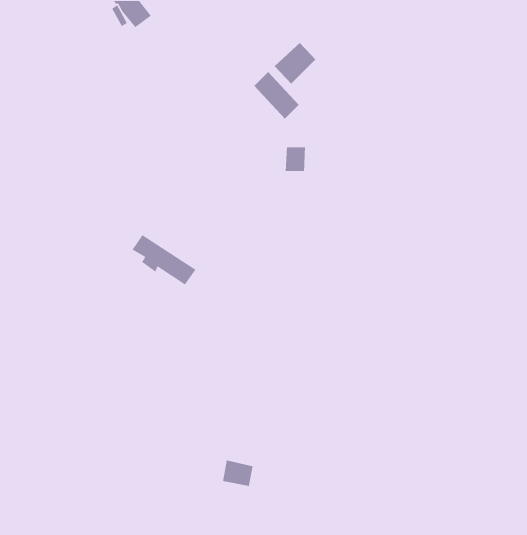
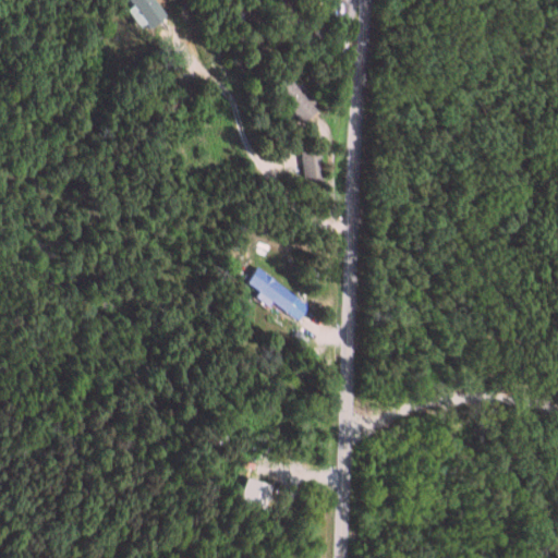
building: [274,42,316,84] -> none
building: [132,234,197,285] -> [245,267,313,320]

